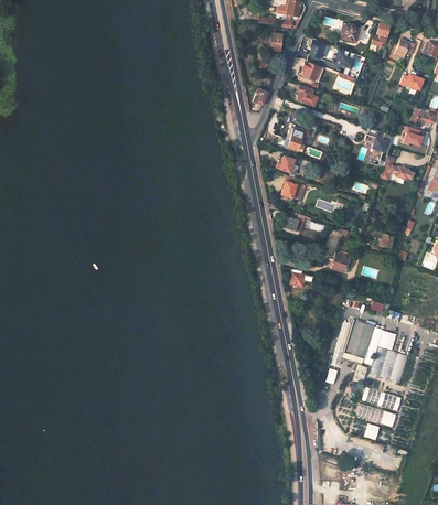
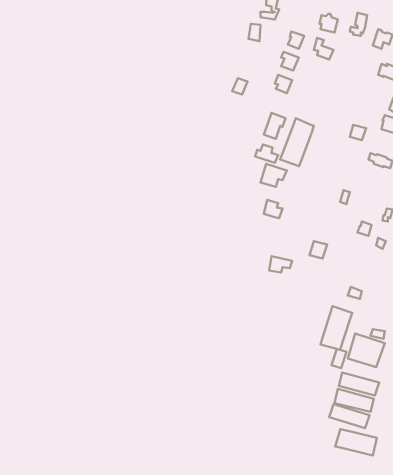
building: none -> [280,118,314,166]
building: none -> [335,429,377,456]

